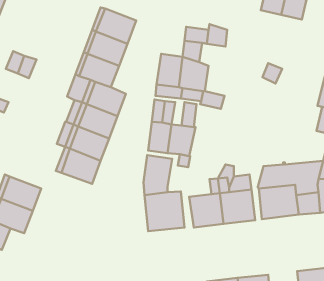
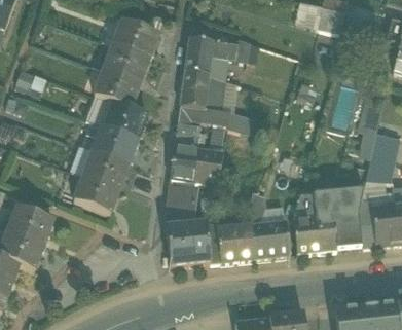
building: none -> [186,36,214,72]

